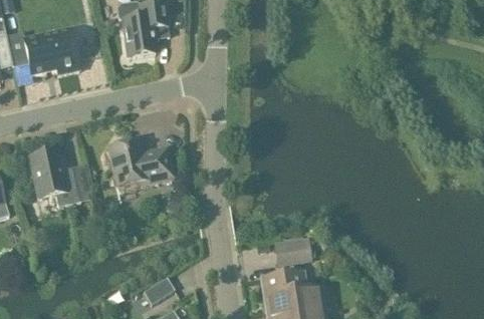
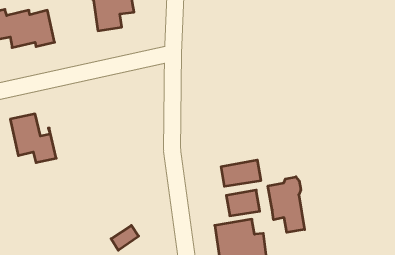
building: [107,139,174,186] -> none
building: none -> [221,160,261,186]
building: none -> [268,177,305,232]

